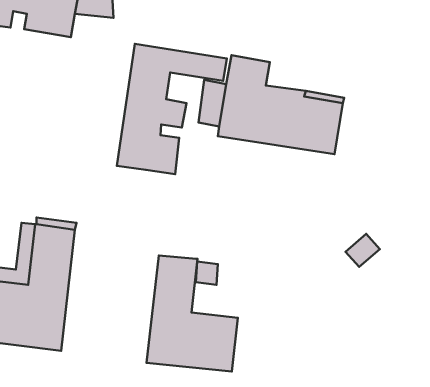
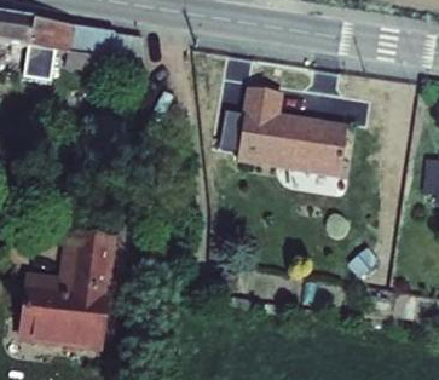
building: [117,44,227,174] -> none
building: [147,255,238,371] -> none

